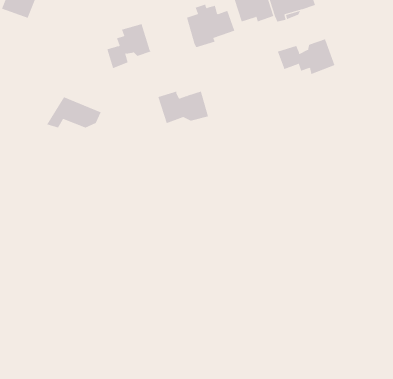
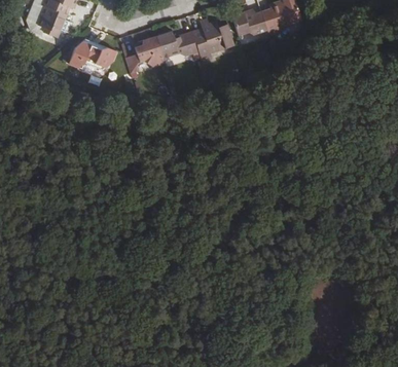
building: [277,38,335,75] -> none
building: [158,91,209,124] -> [156,31,200,59]
building: [46,96,101,128] -> [70,38,116,65]

